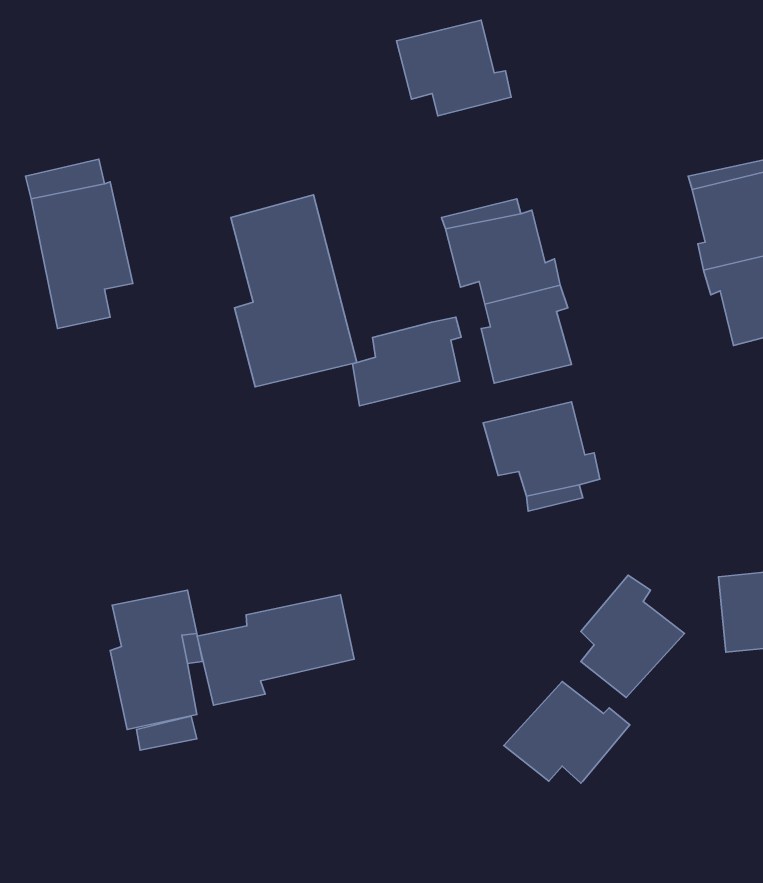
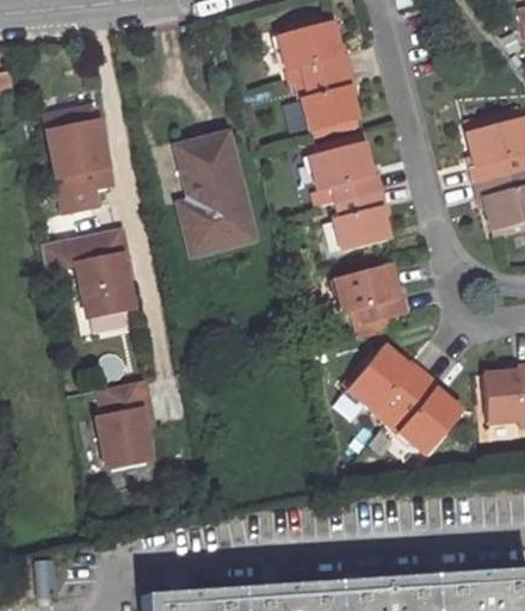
building: none -> [303,69,359,129]
building: [352,317,461,406] -> none
building: none -> [42,232,135,320]
building: [197,595,354,705] -> none
building: [504,681,630,783] -> [346,345,426,409]

